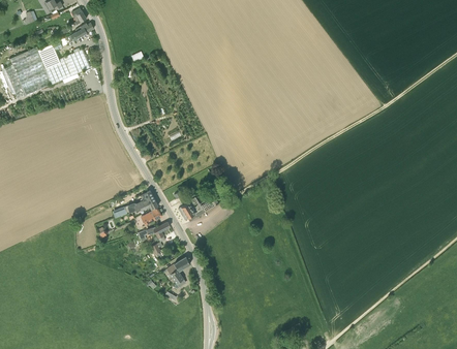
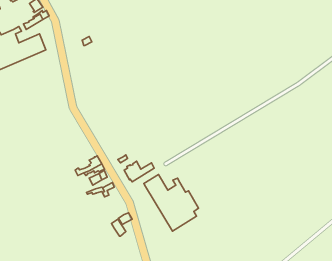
building: none -> [144,174,198,231]

